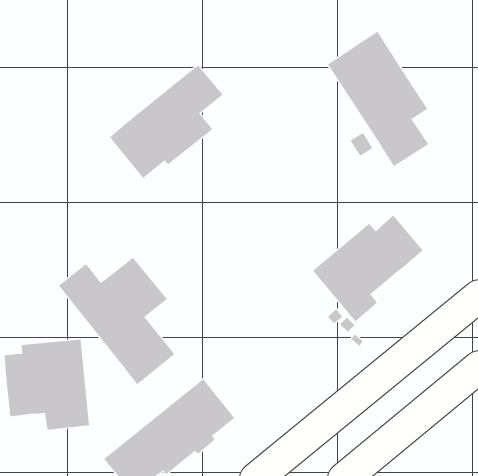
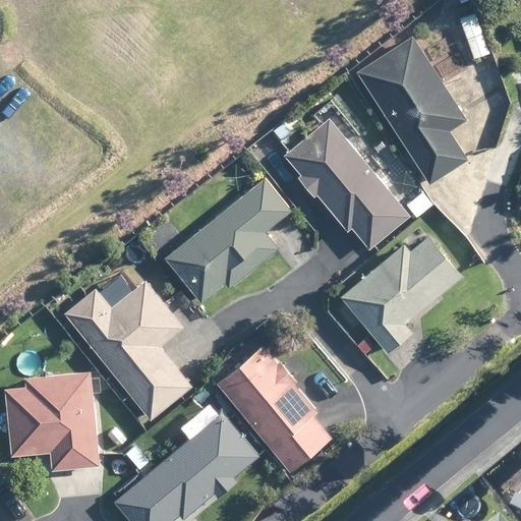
building: [109,65,224,179] -> [165,179,289,303]
building: none -> [284,117,409,250]
building: none -> [217,347,332,472]

